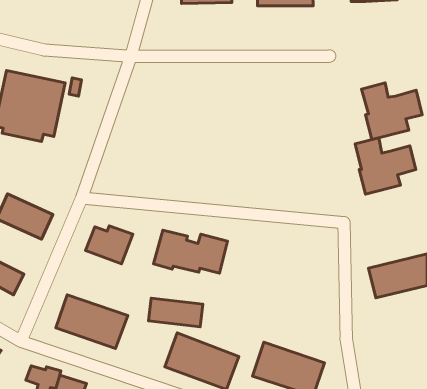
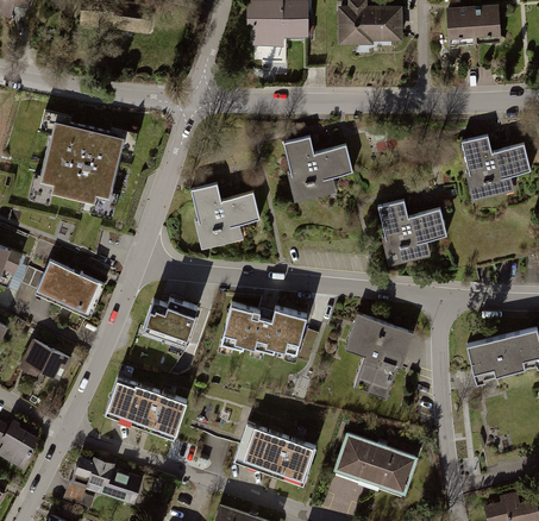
building: none -> [283,136,352,200]
building: none -> [189,182,259,247]
building: [355,138,416,194] -> [377,197,447,263]
building: none -> [346,314,415,400]
building: [149,298,203,327] -> none

